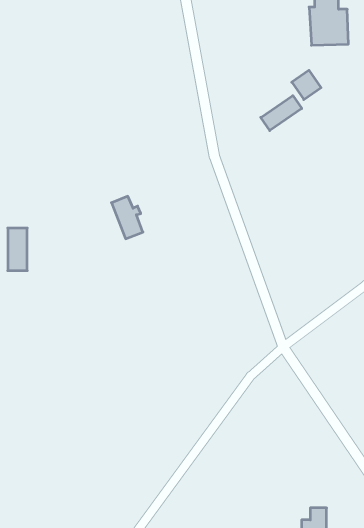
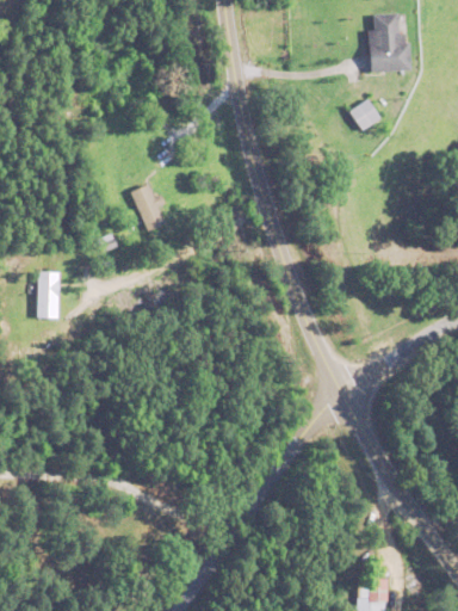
building: [261,96,302,131] -> none
building: [111,196,143,239] -> [130,185,165,232]

